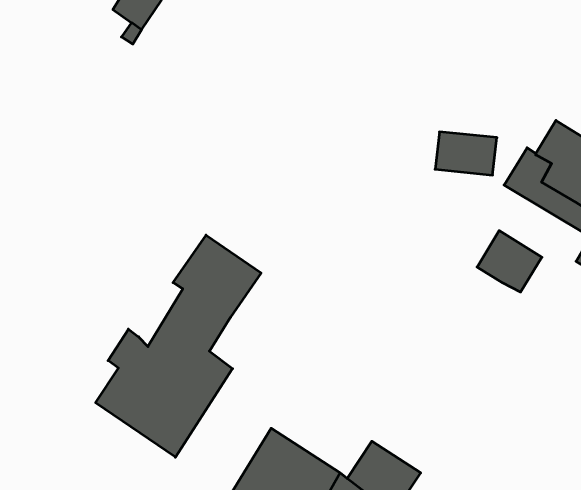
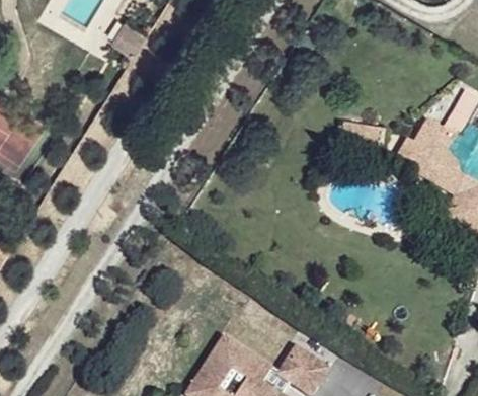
building: [477,231,542,292] -> none
building: [96,235,261,457] -> none

